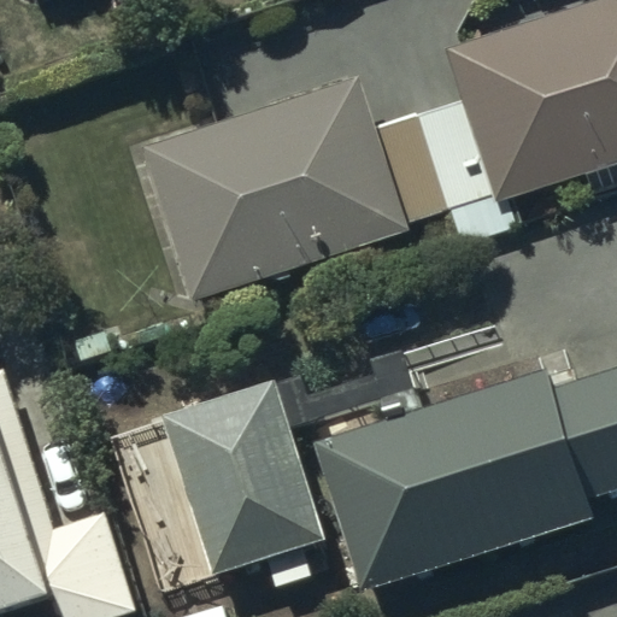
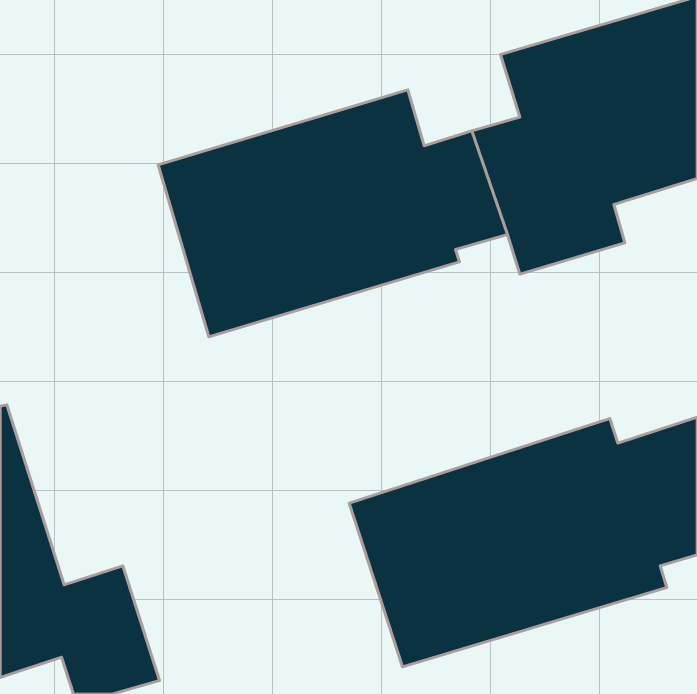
building: [159,382,323,588] -> none

